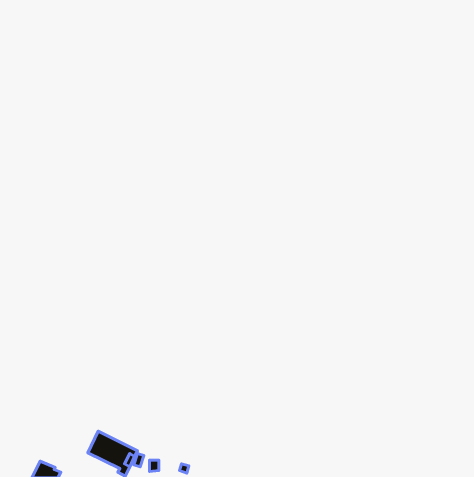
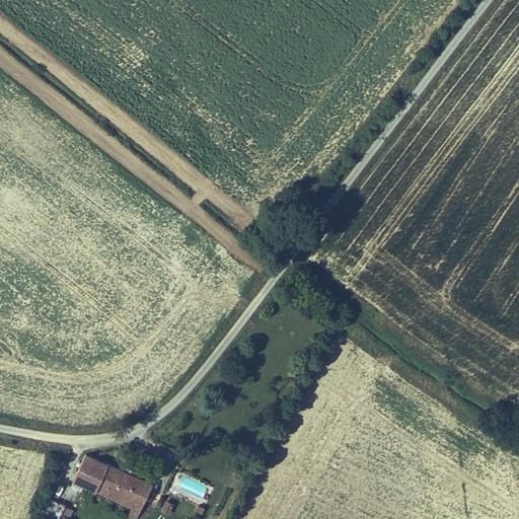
building: none -> [73,456,110,492]

